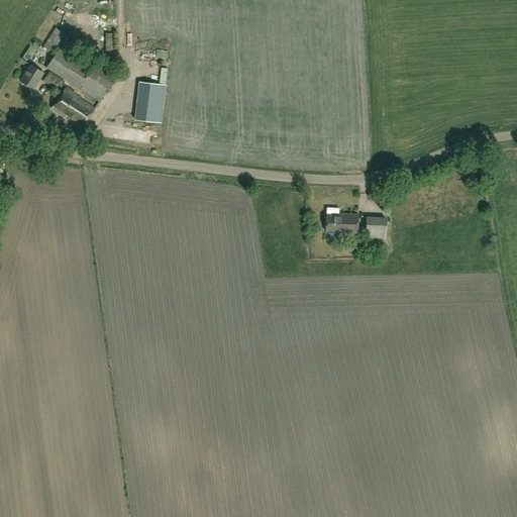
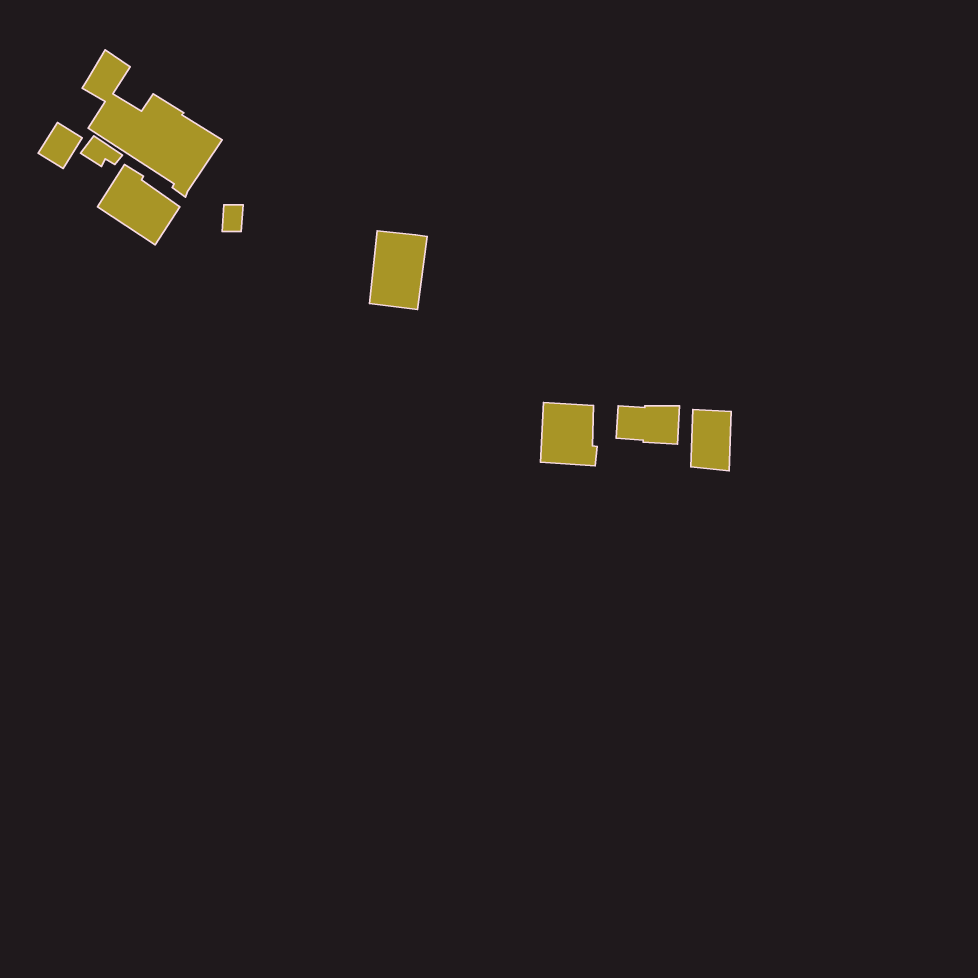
building: [135,82,166,123] -> [370,231,427,309]
building: none -> [540,402,597,466]

